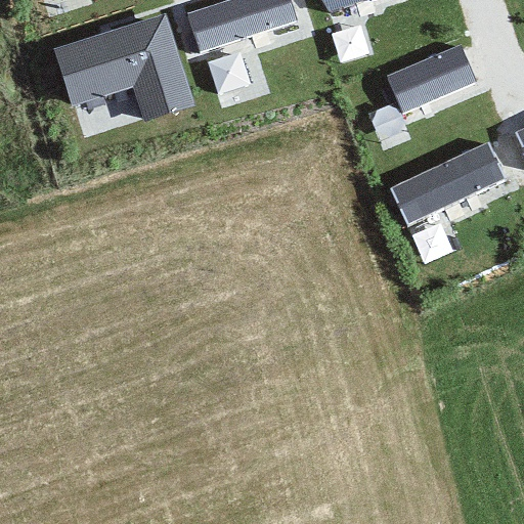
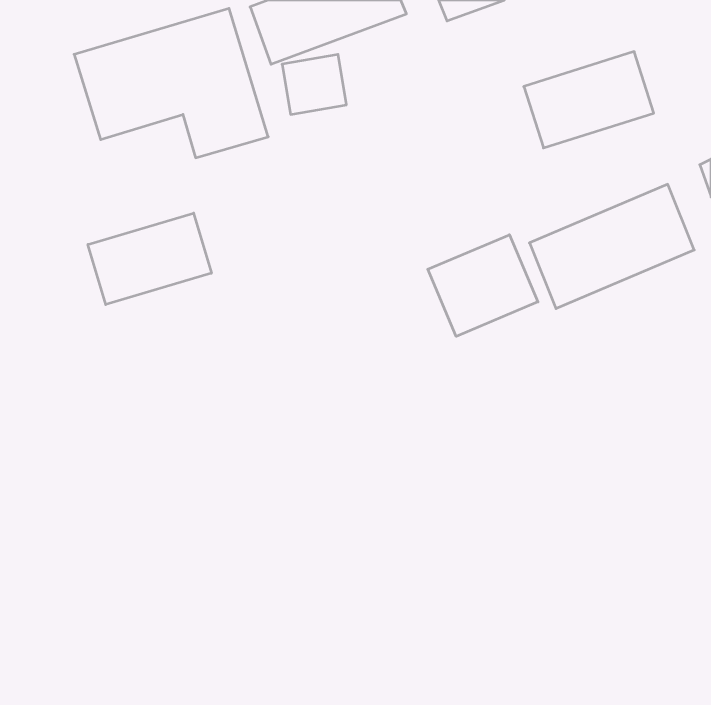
building: none -> [88,213,211,305]
building: none -> [428,235,538,336]

